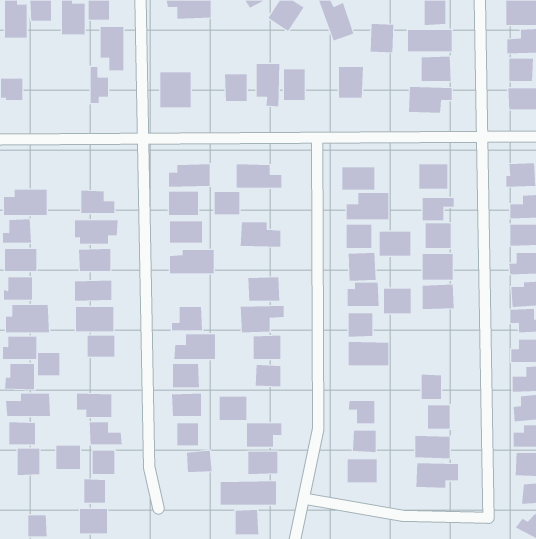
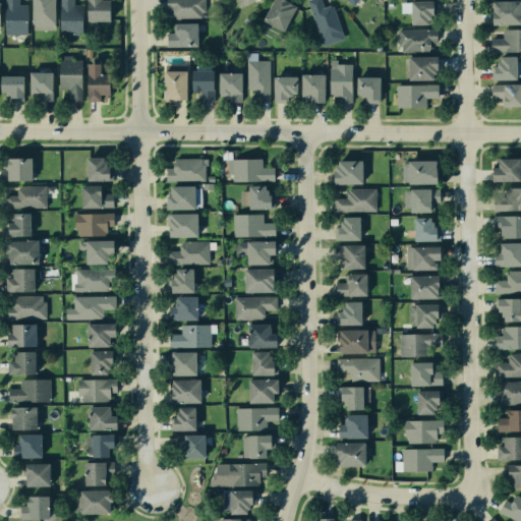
building: none -> [168,23,202,47]
building: [370,23,394,53] -> [357,72,381,101]
building: [100,26,124,71] -> [62,60,85,103]
building: none -> [190,69,217,104]
building: none -> [30,72,54,95]
building: none -> [302,72,325,103]
building: none -> [86,157,110,180]
building: none -> [8,160,35,181]
building: [214,192,240,215] -> [243,185,269,208]
building: [379,231,411,256] -> none
building: none -> [244,241,273,262]
building: none -> [169,269,193,292]
building: [383,288,412,314] -> [412,305,440,330]
building: none -> [402,334,427,357]
building: [37,353,60,376] -> [91,351,113,373]
building: none -> [338,359,380,385]
building: [219,396,247,421] -> [248,379,276,402]
building: [55,445,81,469] -> [26,464,51,487]

